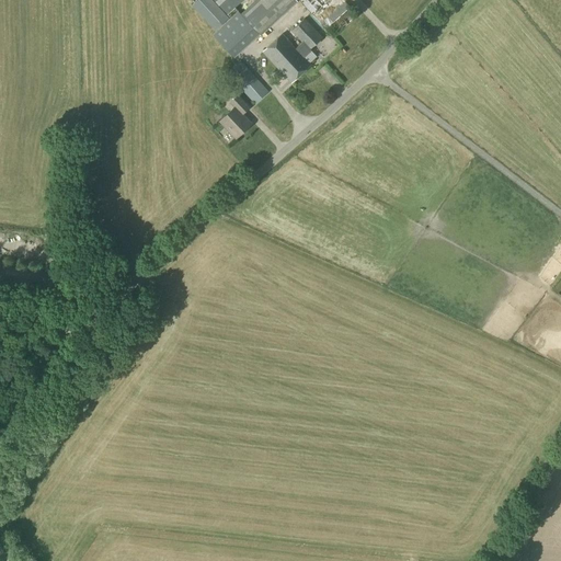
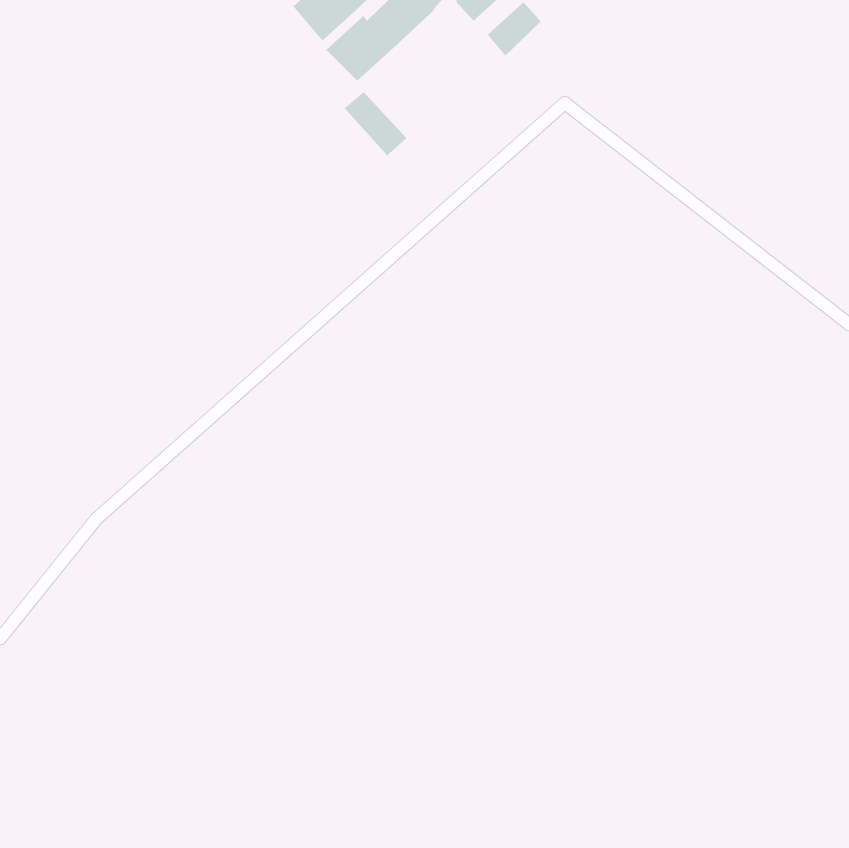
building: [263,18,322,82] -> none
building: [220,95,251,137] -> none

